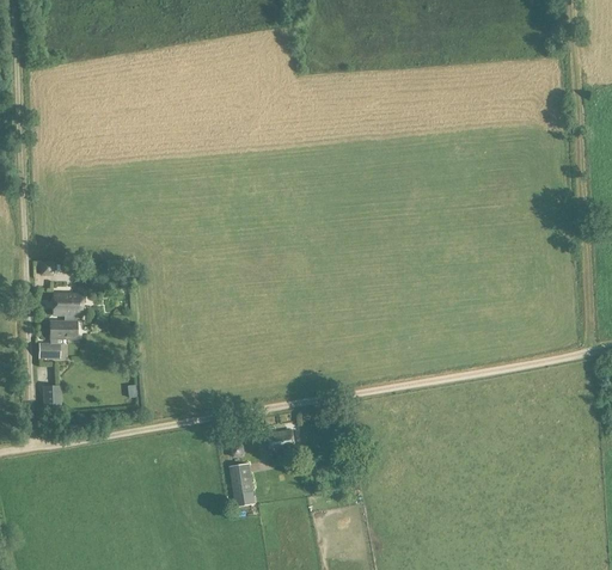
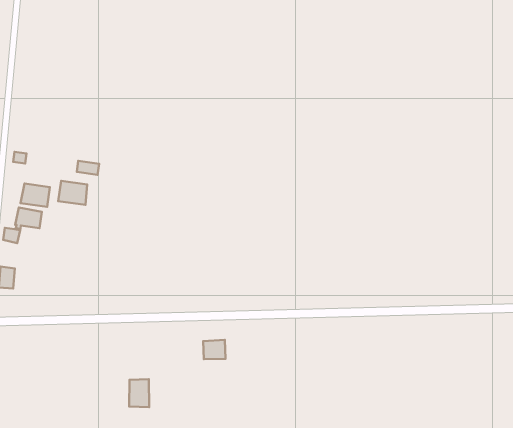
building: none -> [58,181,87,205]
building: [230,461,255,494] -> [129,379,149,407]

